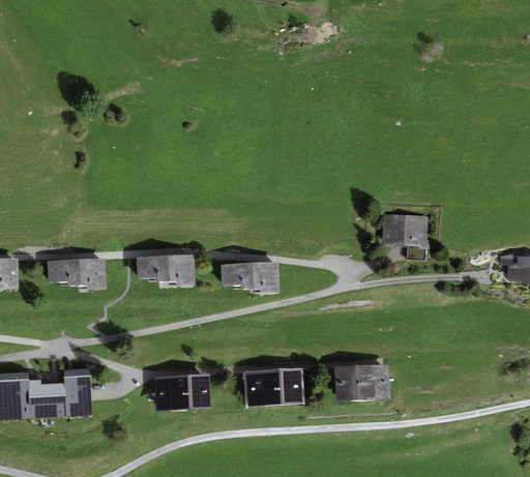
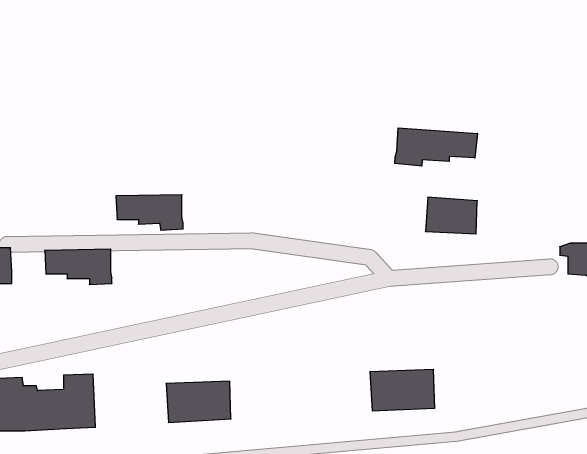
building: none -> [395,128,477,166]
building: [136,256,195,287] -> [116,195,183,230]
building: [219,262,278,294] -> none
building: [243,368,304,406] -> none

